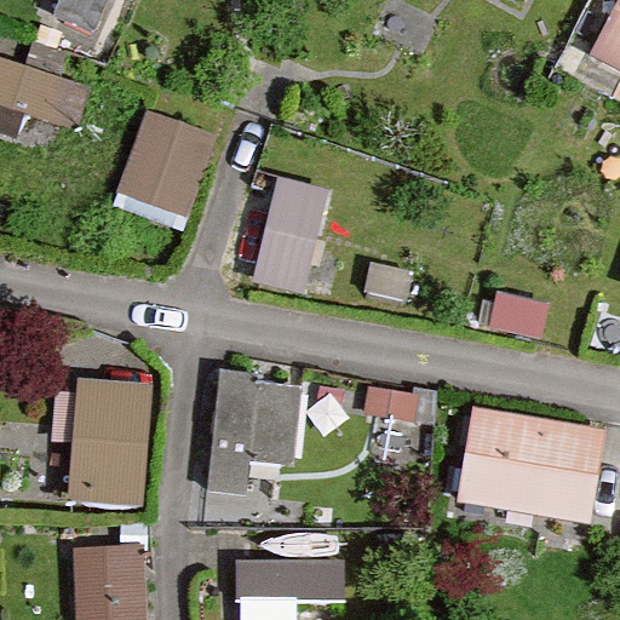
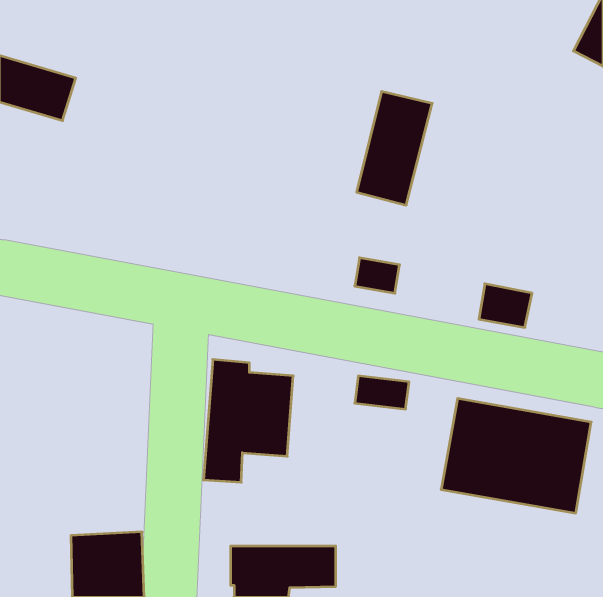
building: [116,111,220,225] -> none
building: [251,179,328,295] -> [357,92,432,205]
building: [64,384,149,506] -> none

